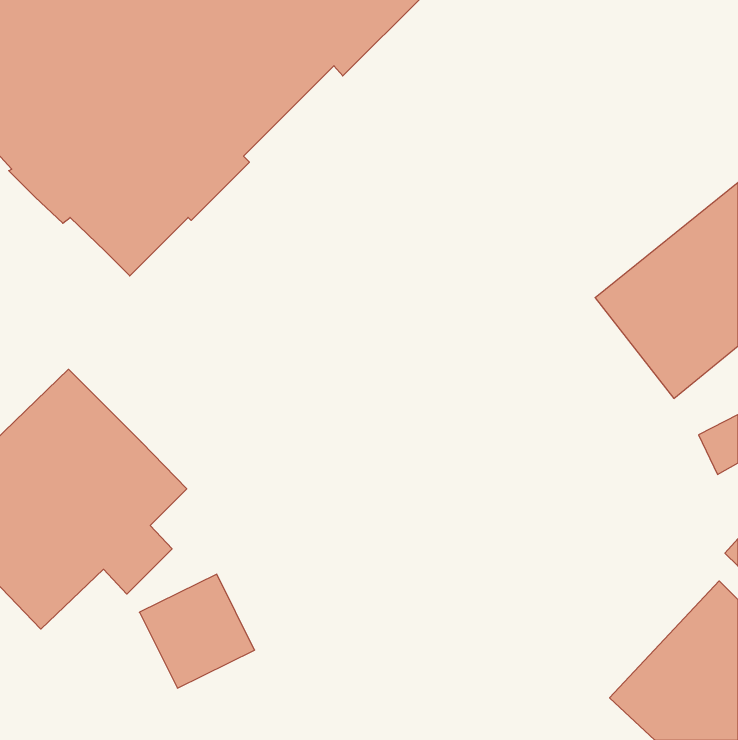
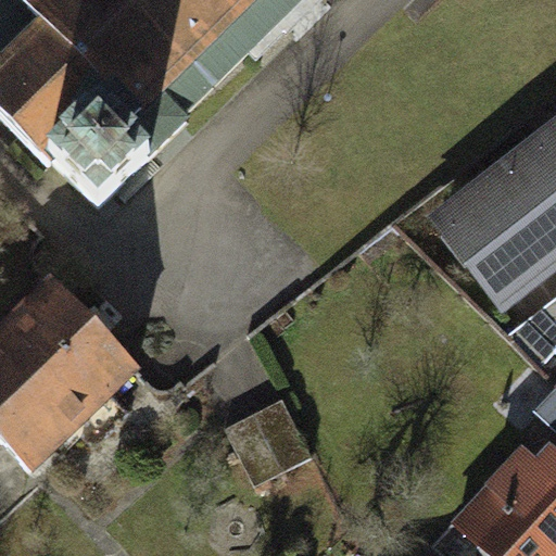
building: [139,574,255,688] -> [227,399,313,483]

